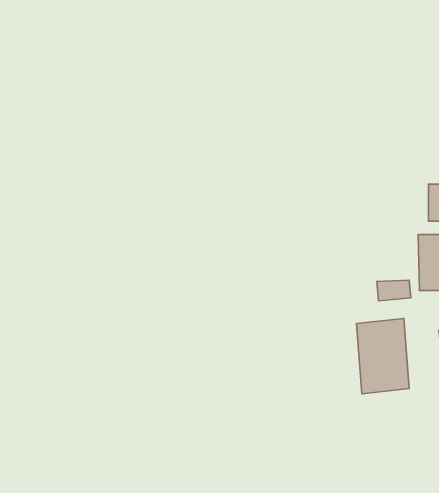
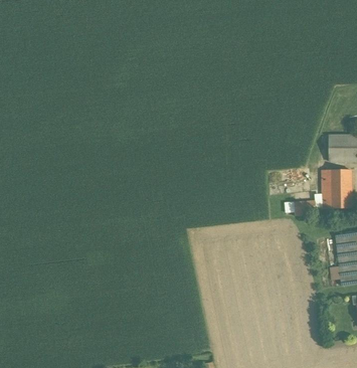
building: [356,319,409,394] -> none

